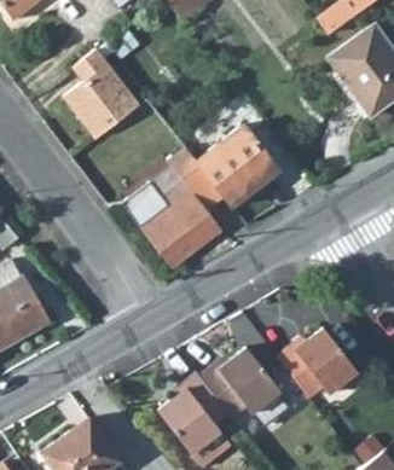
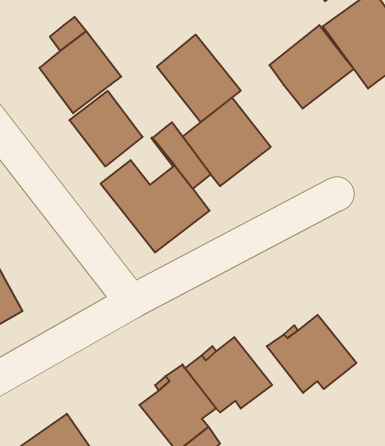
building: none -> [269,25,354,109]
building: none -> [157,35,241,122]
building: none -> [69,91,143,166]

